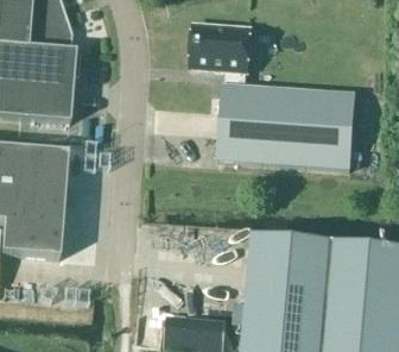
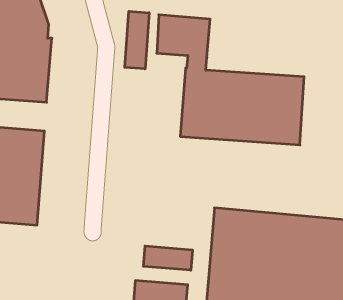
building: none -> [125,11,149,69]
building: none -> [143,246,192,270]

